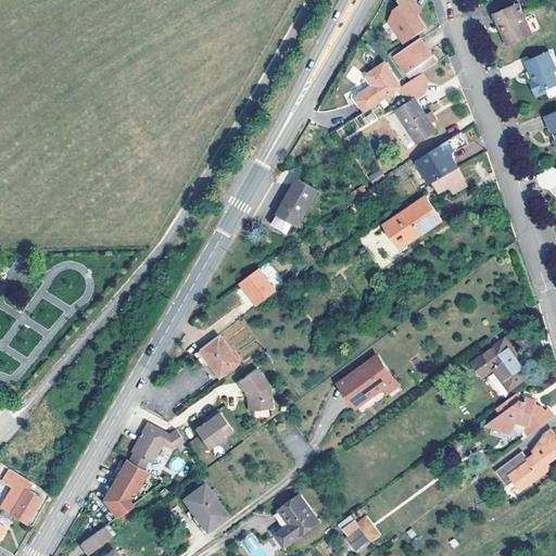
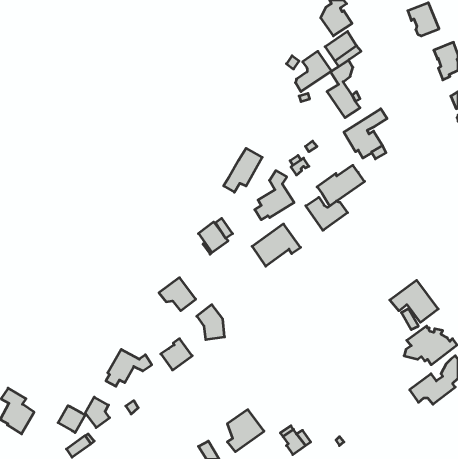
building: none -> [255,171,294,220]
building: none -> [306,197,348,230]
building: [339,356,397,407] -> [252,224,301,266]
building: [114,459,147,492] -> [58,406,85,433]
building: [182,483,227,530] -> none

